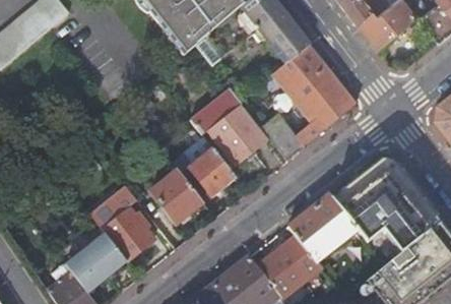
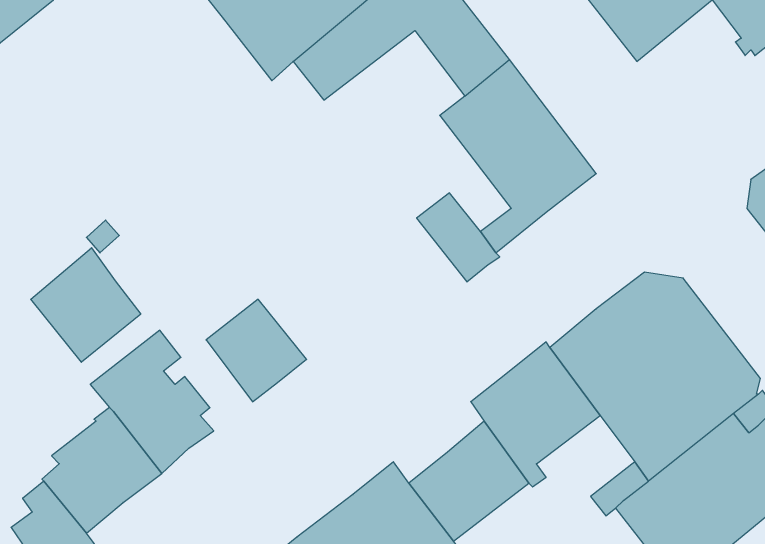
building: [190,87,265,163] -> none
building: none -> [31,248,141,362]
building: [190,148,236,195] -> none

